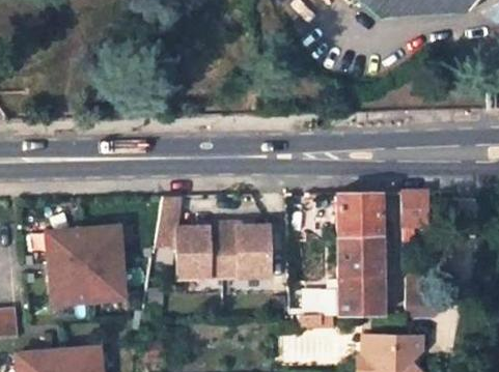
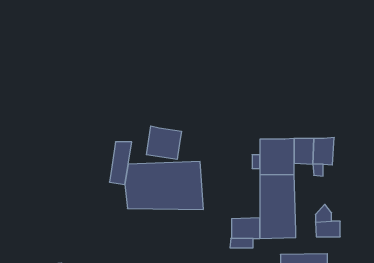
building: none -> [146,126,181,159]
building: [47,223,126,302] -> none

